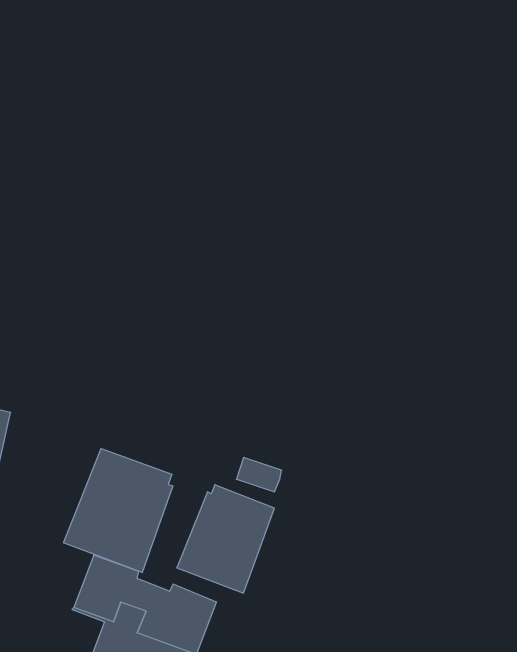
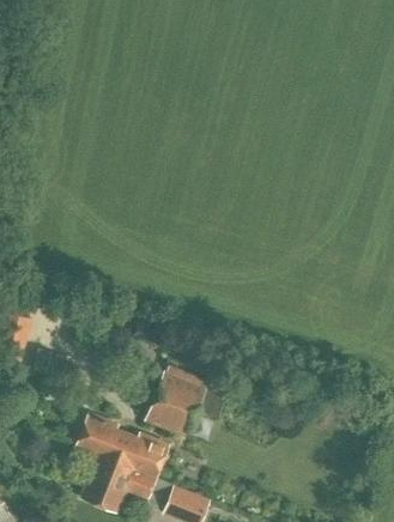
building: [64,448,173,573] -> none

